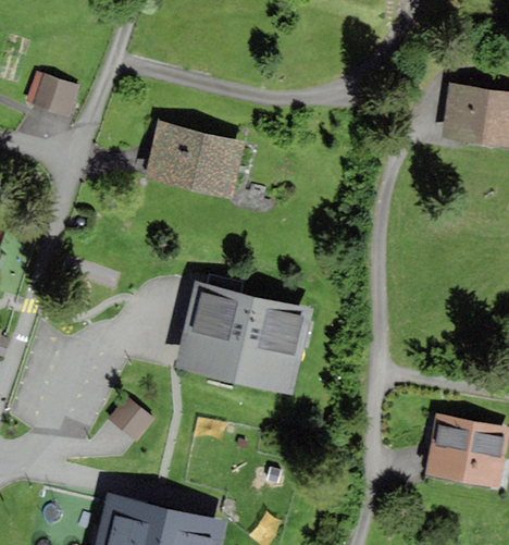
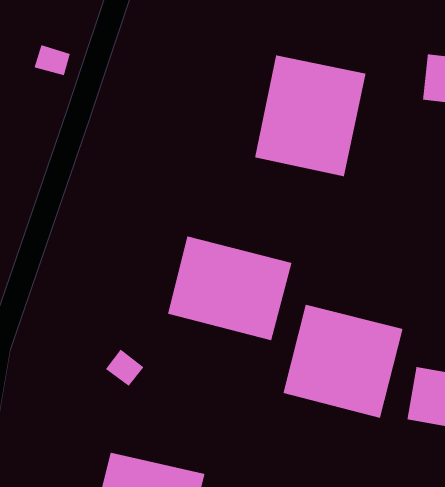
building: none -> [254,55,366,177]
building: [146,122,239,194] -> none
building: none -> [283,304,404,419]

